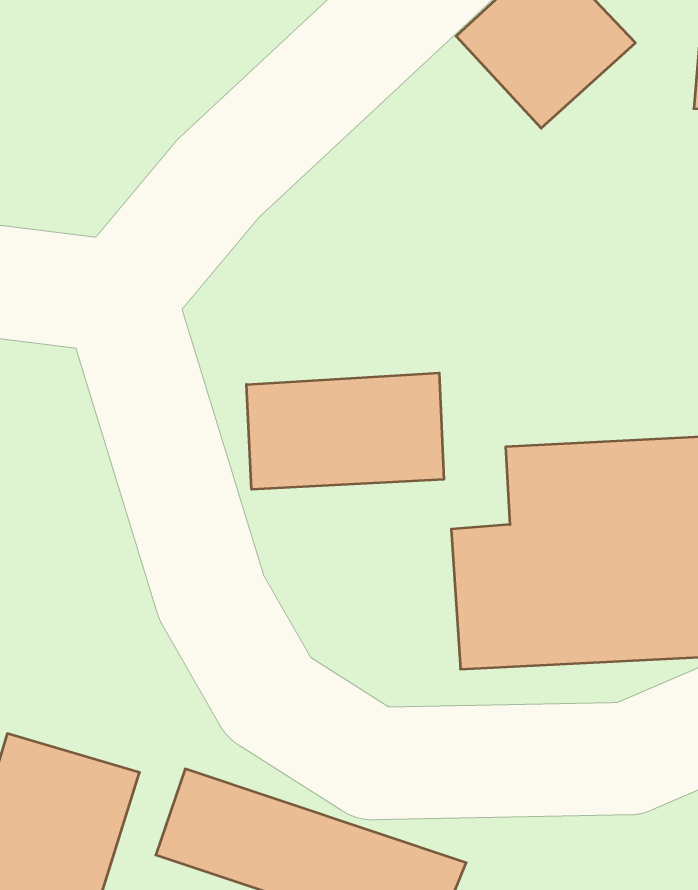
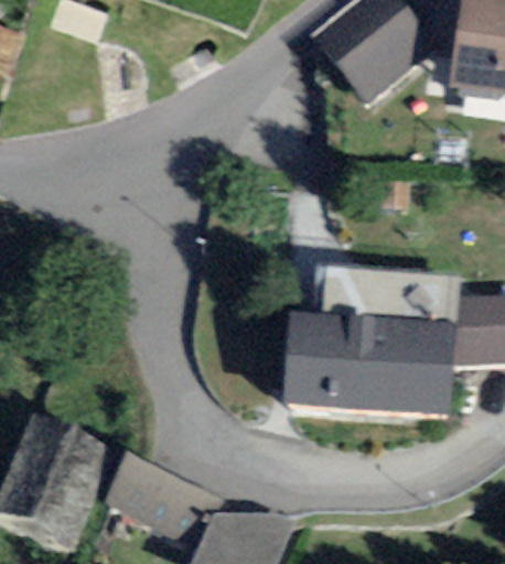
building: [246,373,444,489] -> none

